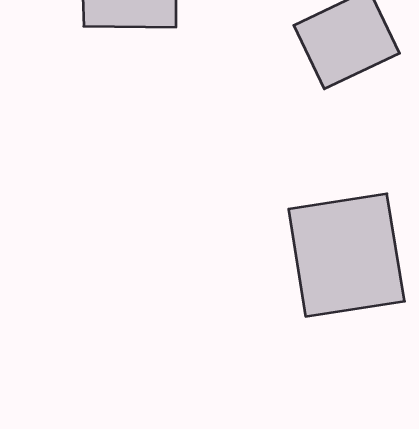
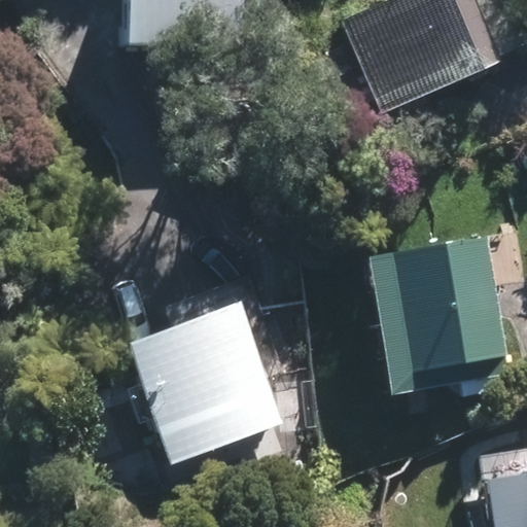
building: none -> [127,298,274,453]

